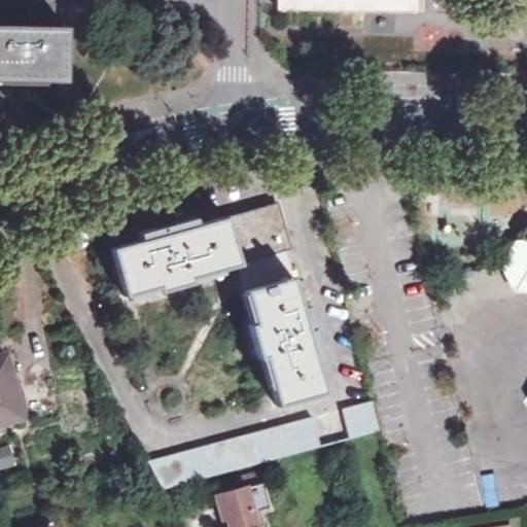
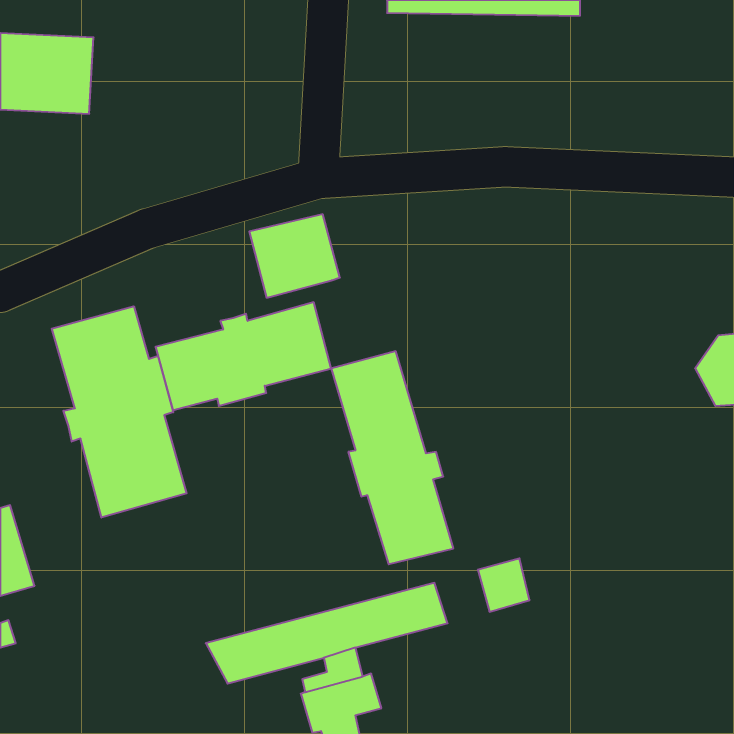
building: [225,205,290,265] -> [249,214,340,298]
building: none -> [52,306,187,518]

